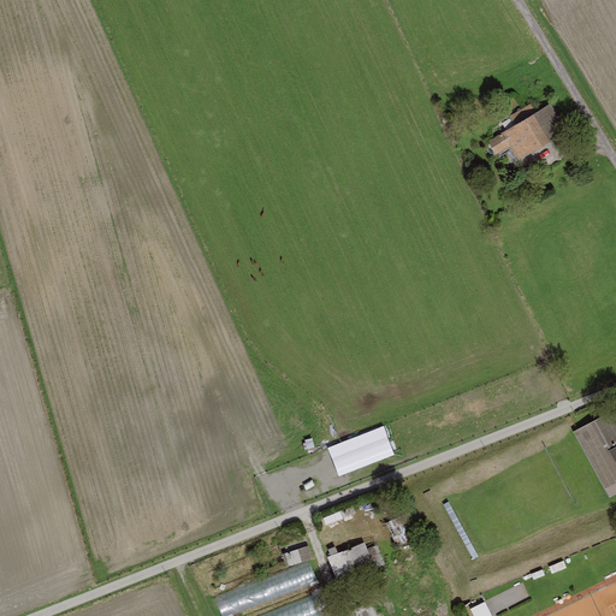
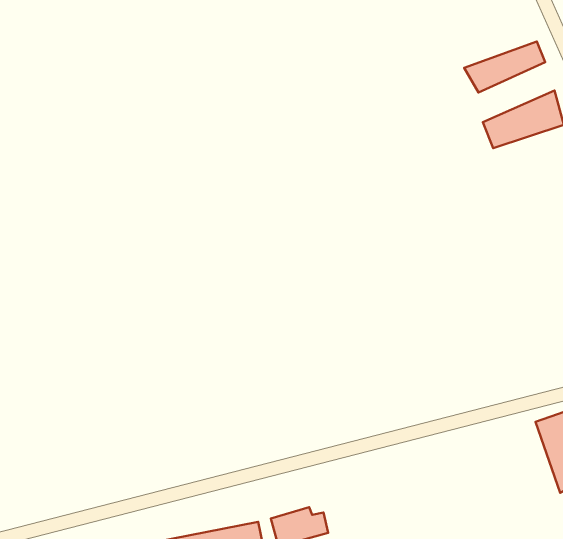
building: none -> [464,42,545,92]
building: [331,427,397,473] -> none

